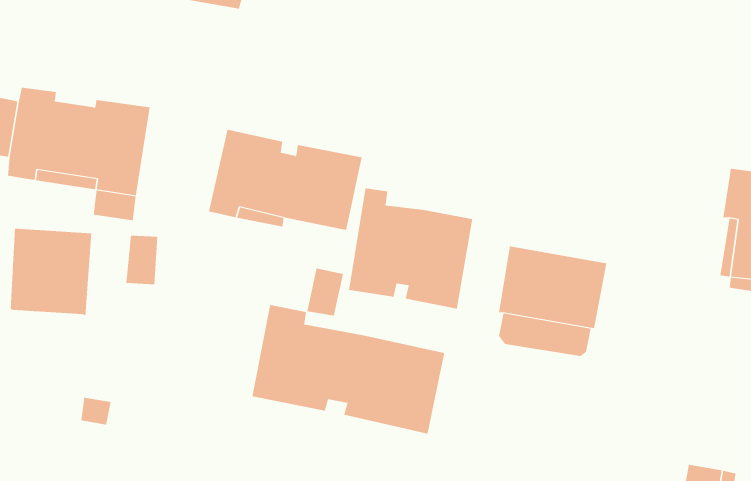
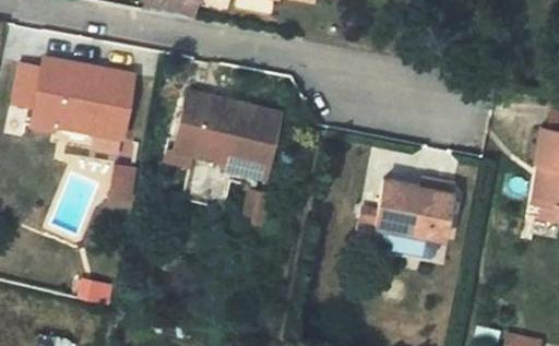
building: [348,187,473,309] -> none
building: [10,228,92,316] -> none
building: [252,304,445,435] -> none

